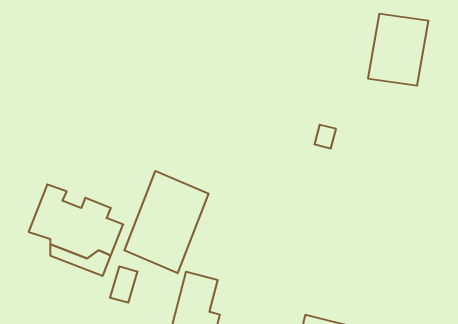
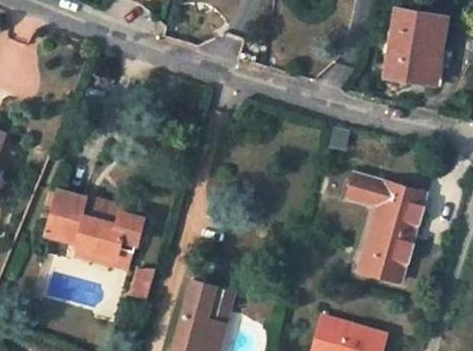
building: [124,171,209,273] -> none
building: none -> [344,177,424,284]

